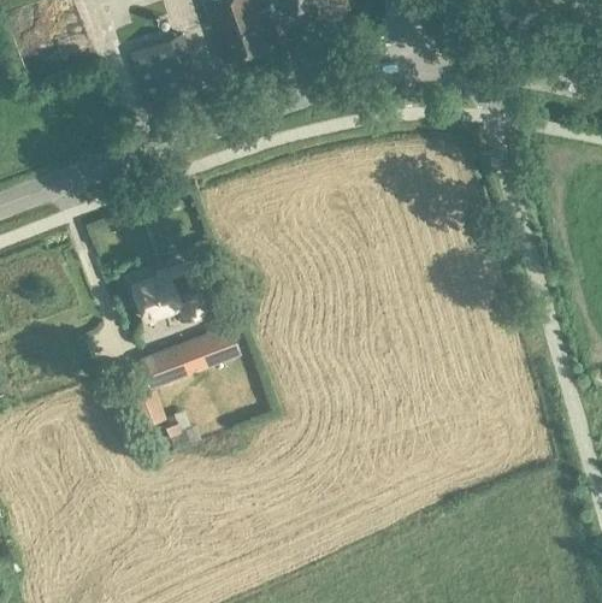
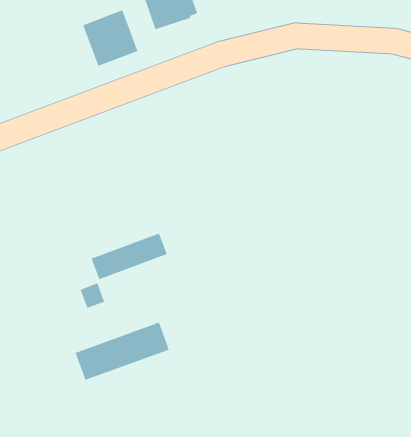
building: [135,264,202,319] -> none
building: none -> [74,322,170,381]

